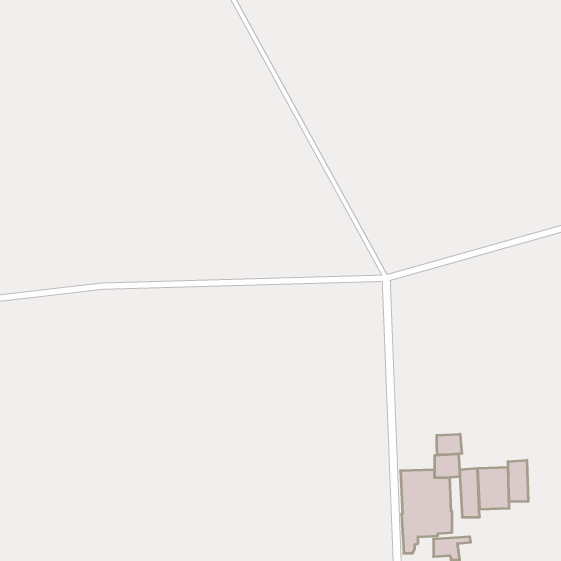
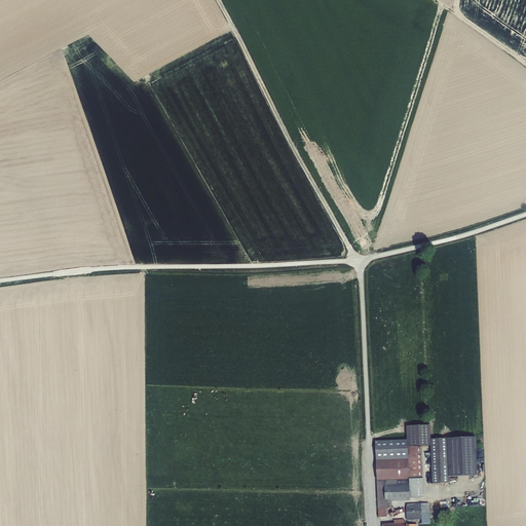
building: [437,434,462,455] -> none
building: [508,460,528,502] -> none

